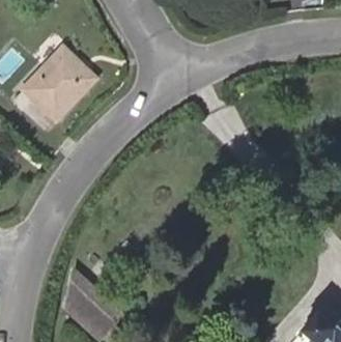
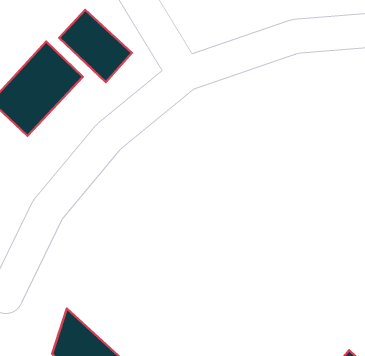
building: none -> [59,10,132,82]

